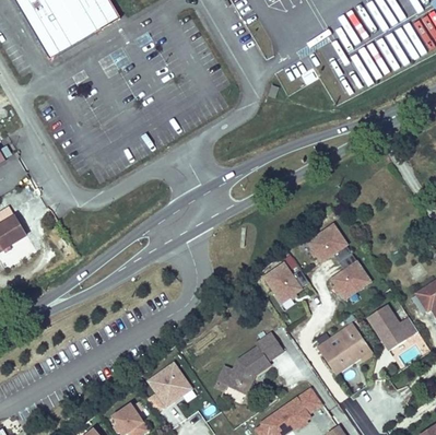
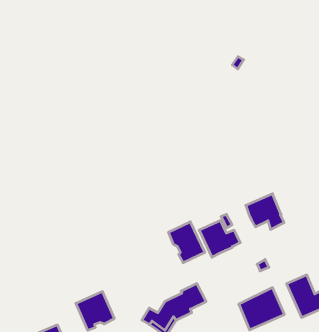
building: [331,252,372,299] -> none
building: none -> [169,222,205,263]

